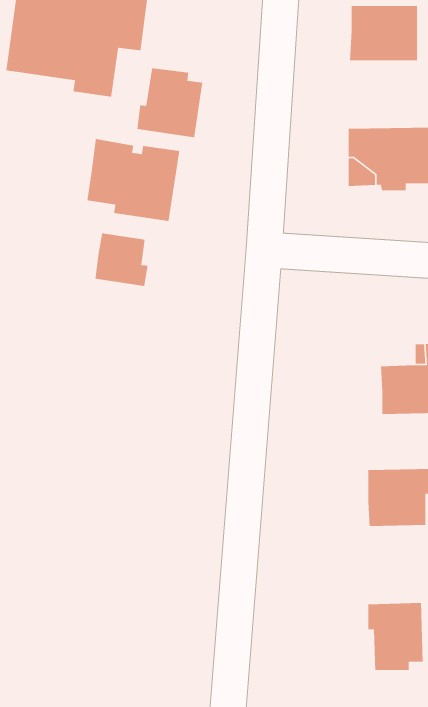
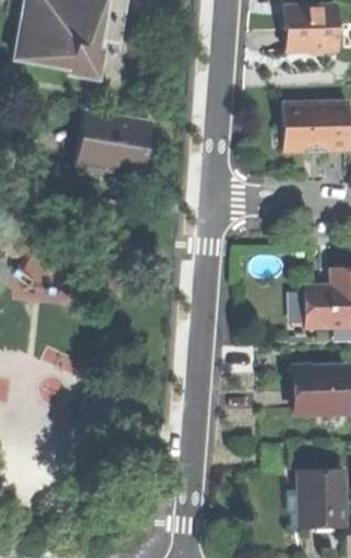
building: [136,67,203,138] -> none
building: [94,233,149,287] -> none

